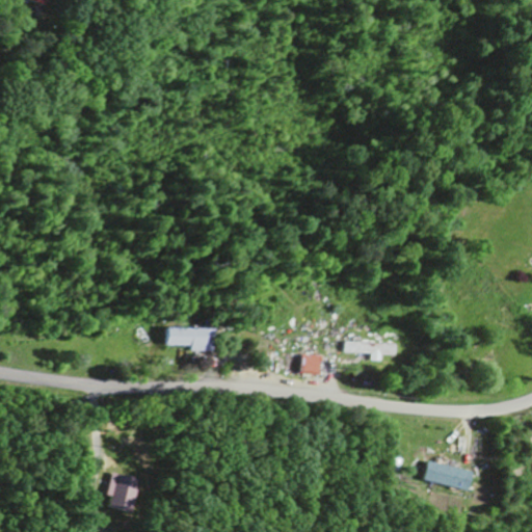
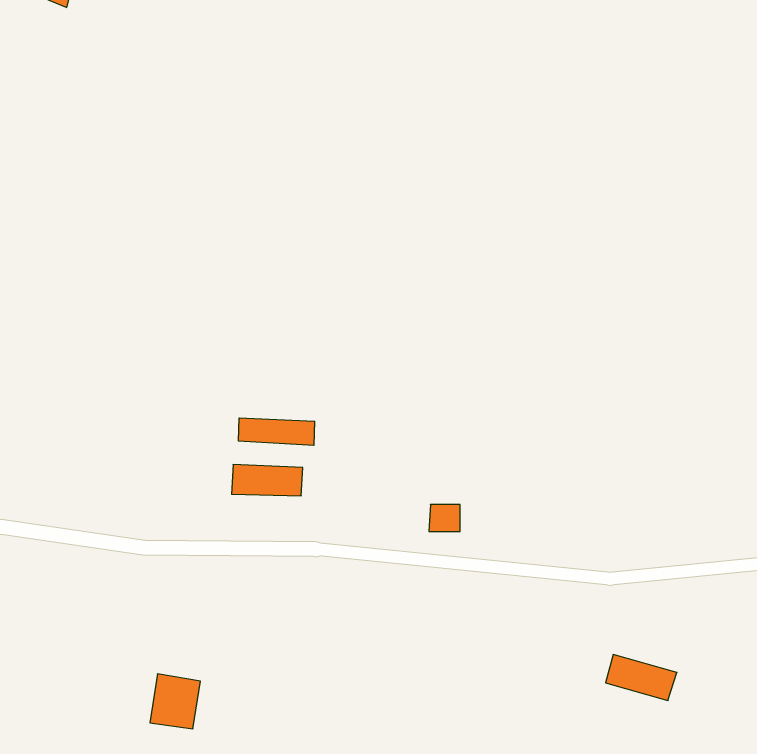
building: none -> [239,418,315,445]
building: [342,340,397,360] -> none

